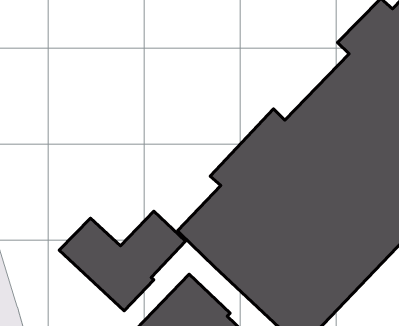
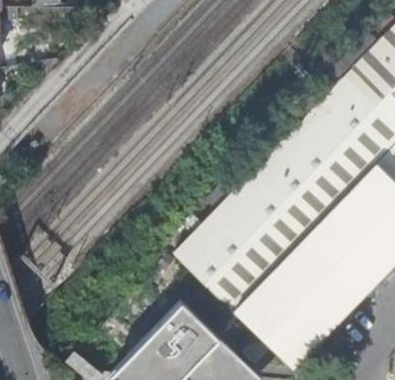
building: [59,211,186,311] -> none

